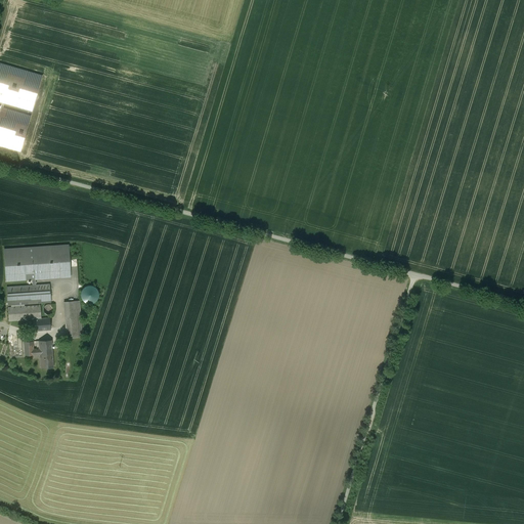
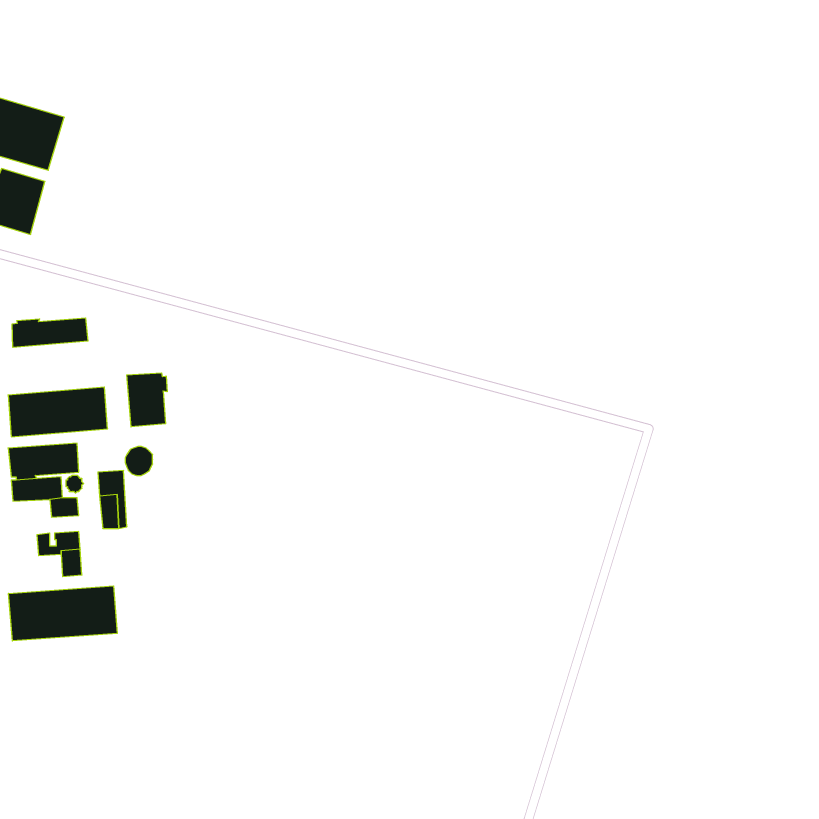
building: none -> [12,318,88,347]
building: none -> [127,373,167,427]
building: none -> [9,586,117,641]

